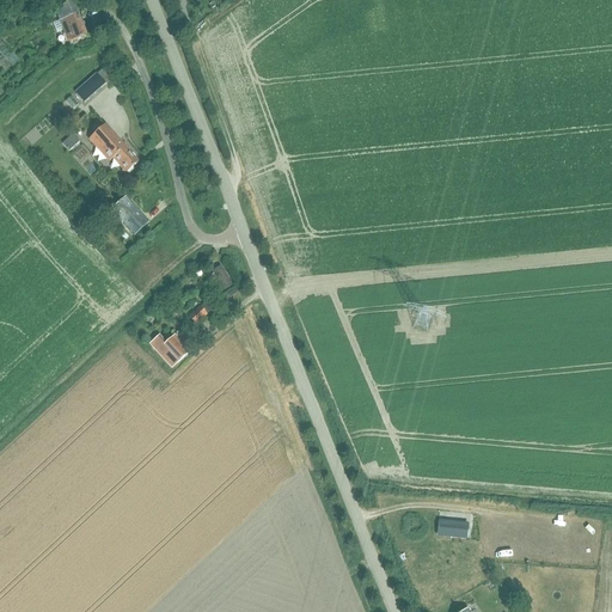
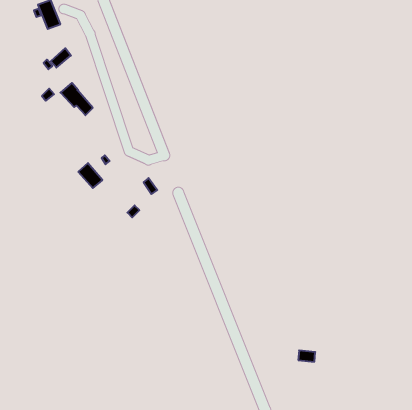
building: [112,196,148,233] -> [78,163,102,188]
building: [151,330,188,366] -> none

